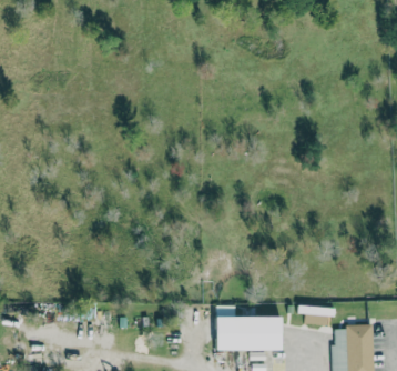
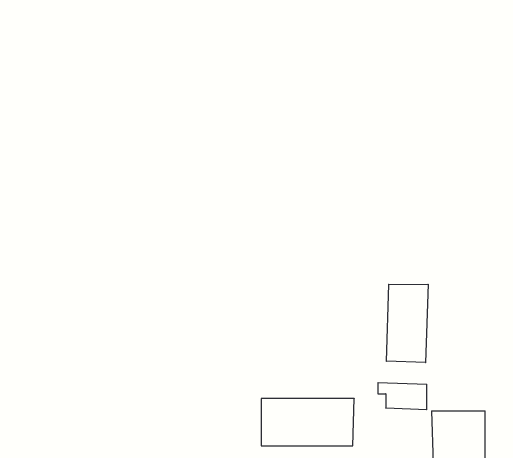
building: none -> [386,284,428,363]

